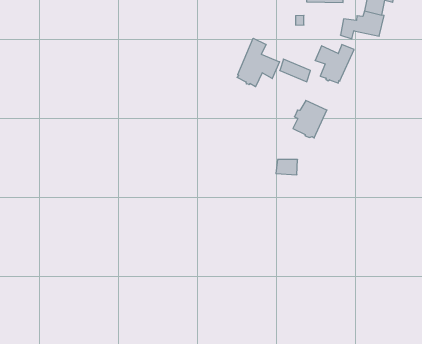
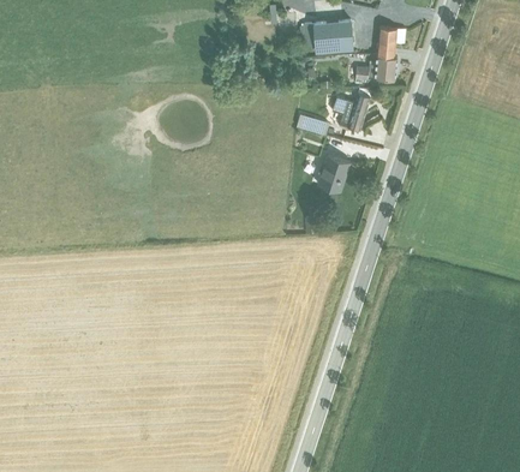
building: [237,38,280,87] -> none

